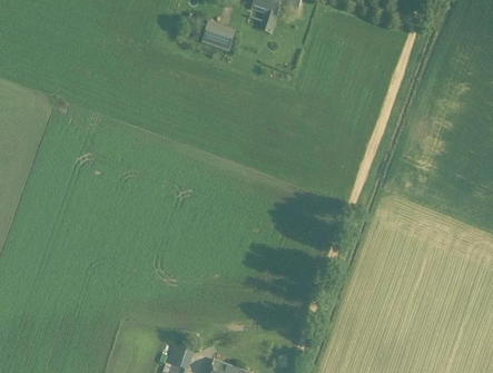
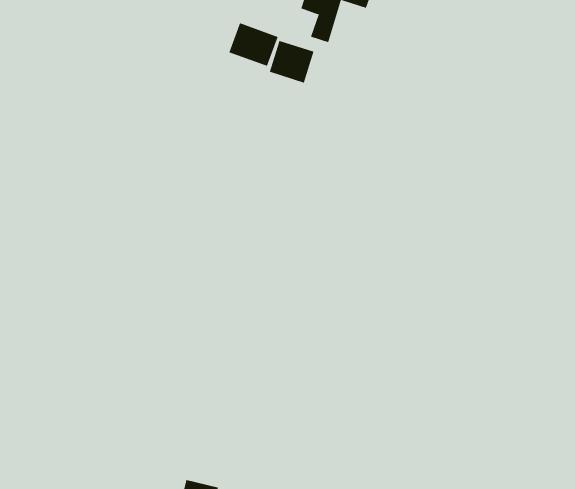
building: none -> [269,40,314,83]

